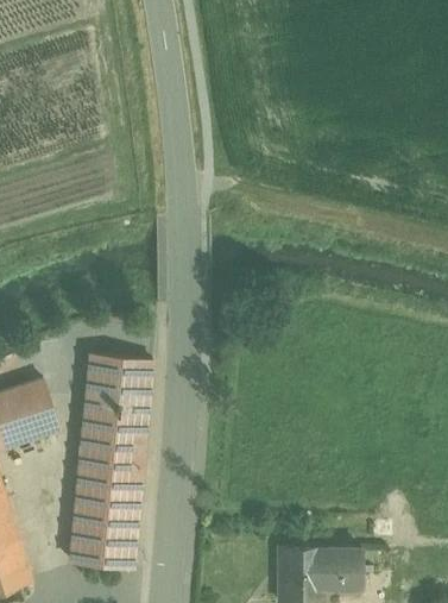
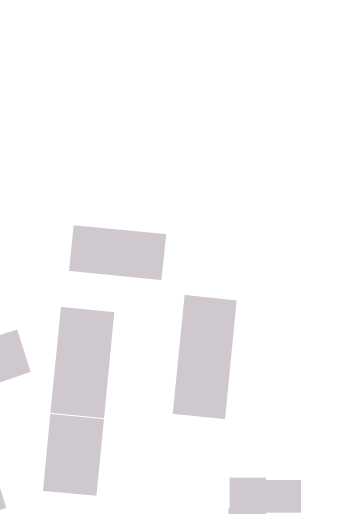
building: none -> [68,224,167,281]
building: none -> [172,294,237,420]

